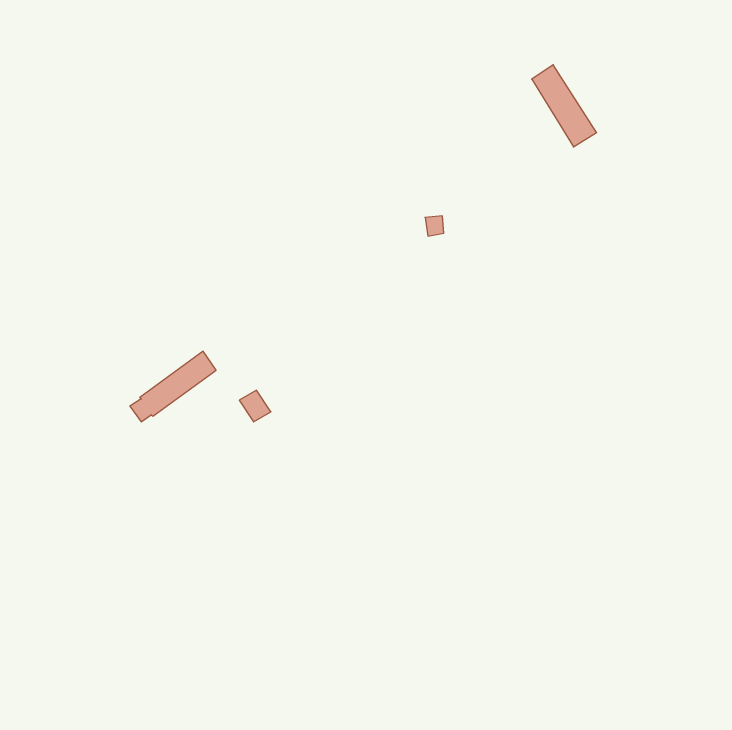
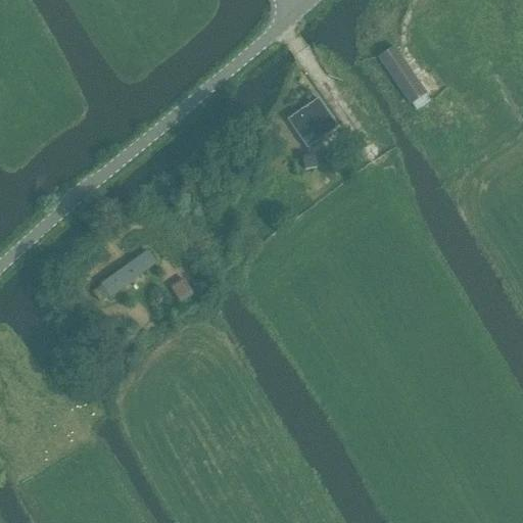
building: none -> [288,96,338,147]

